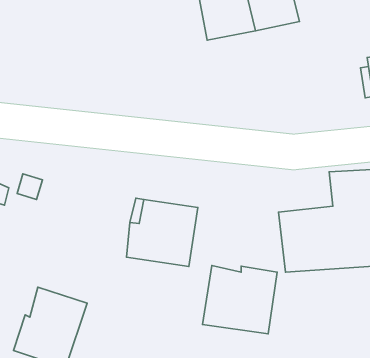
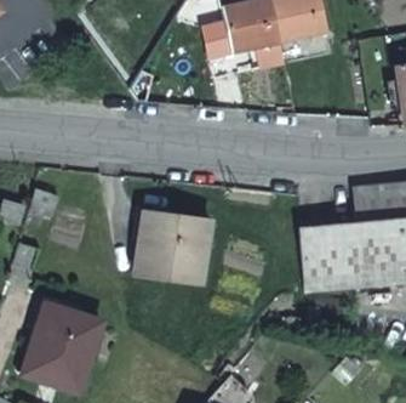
building: [203,266,277,334] -> none

